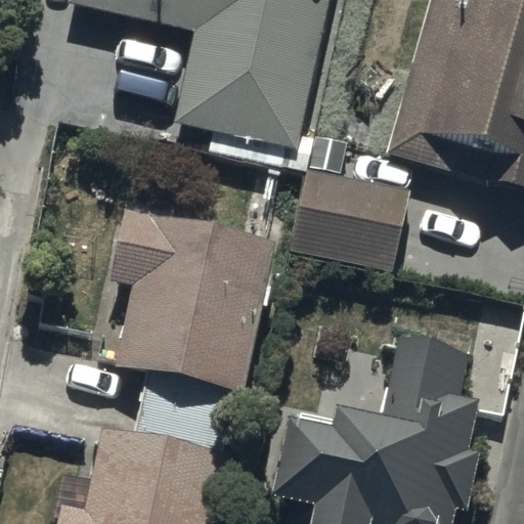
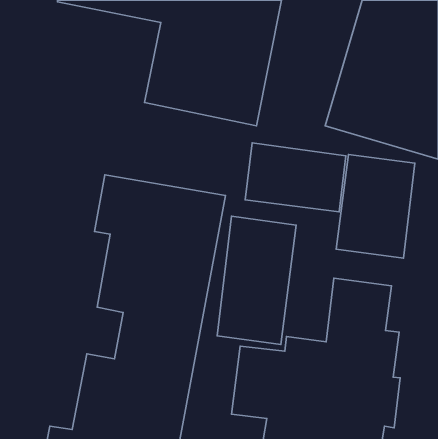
building: none -> [336,154,415,258]
building: none -> [217,216,296,344]

